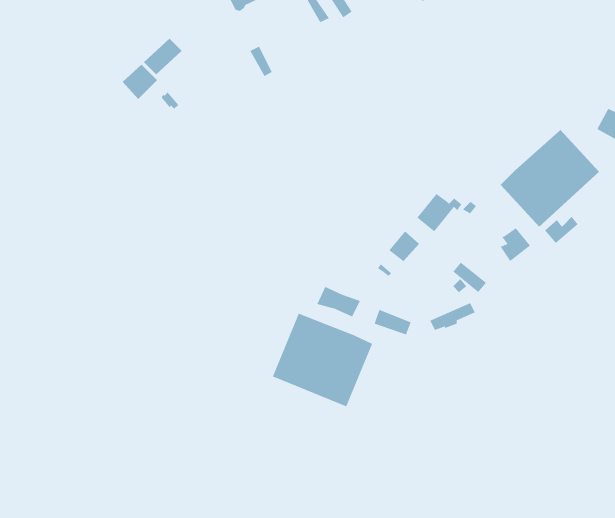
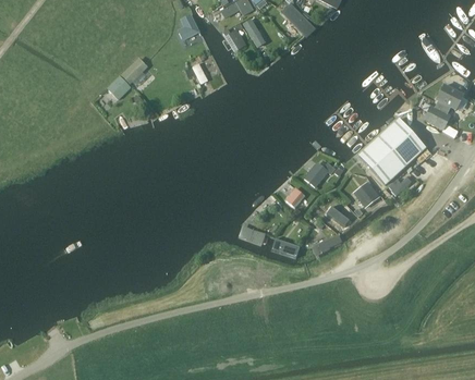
building: [272,313,373,407] -> none

